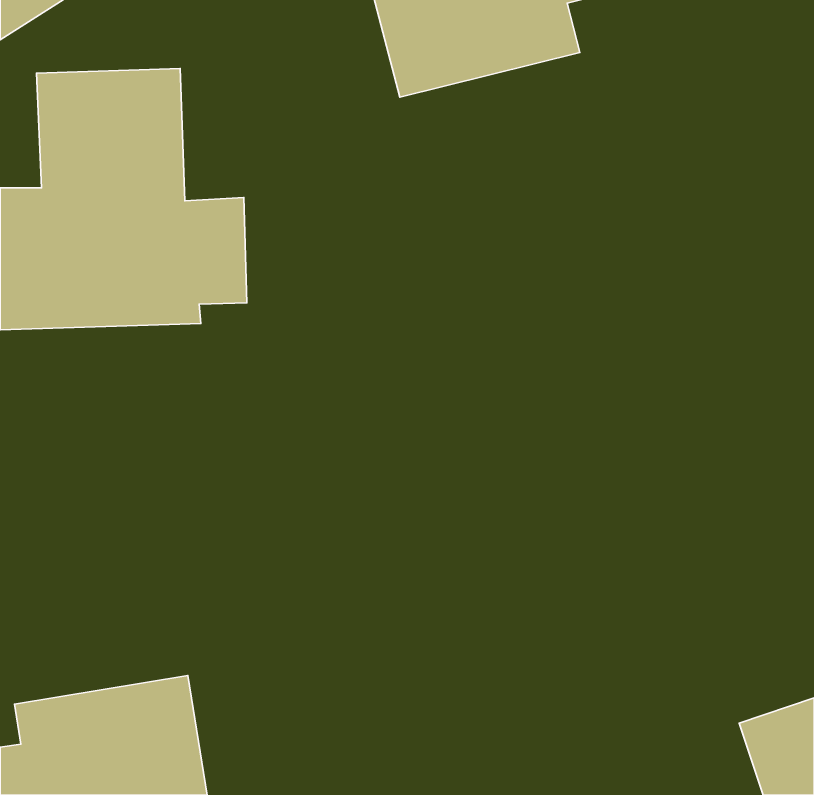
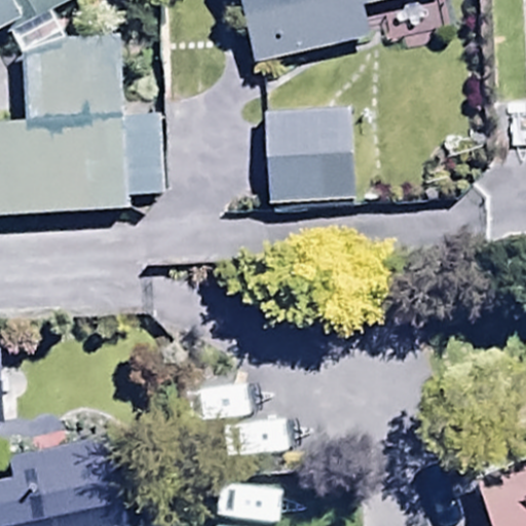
building: none -> [263,111,350,194]

